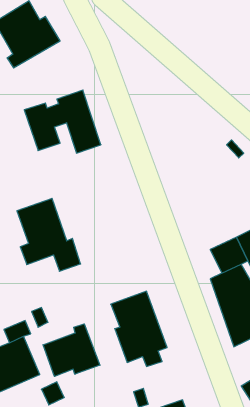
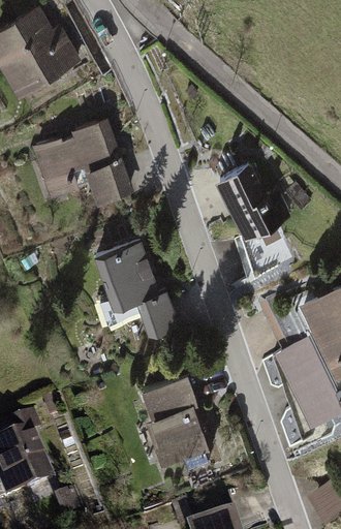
building: none -> [216,163,290,280]
building: [17,198,81,271] -> [95,242,176,334]
building: [43,324,100,376] -> none

